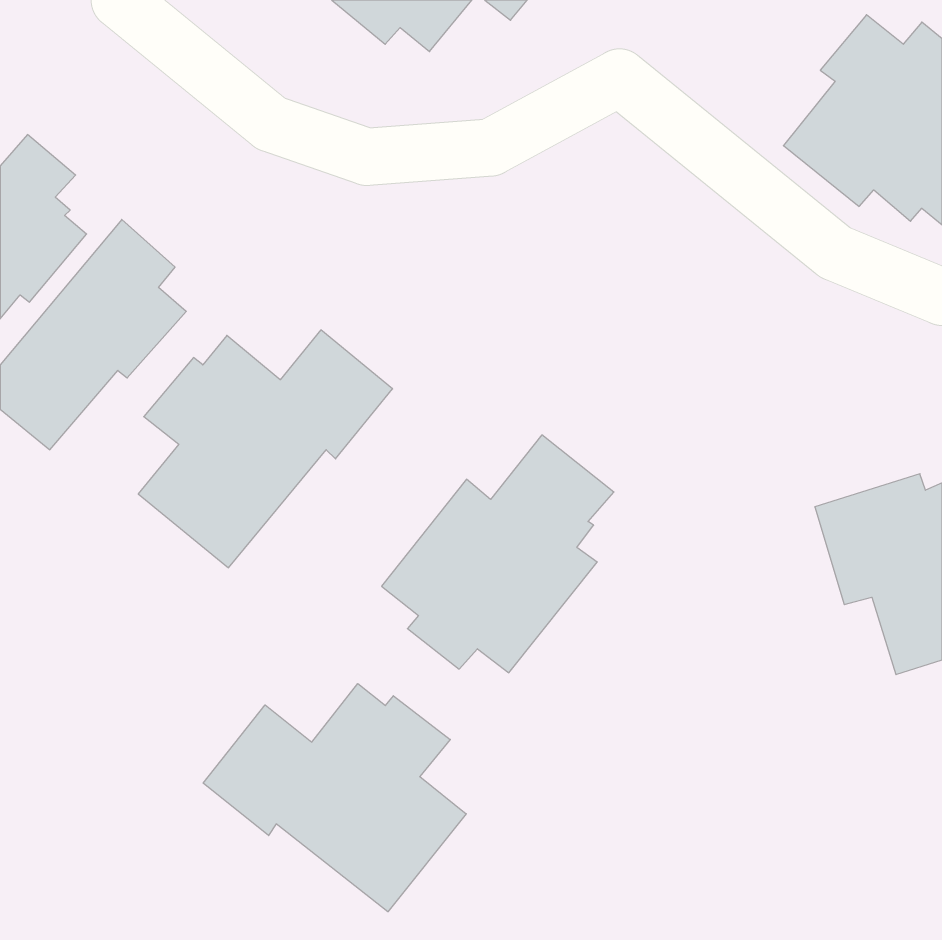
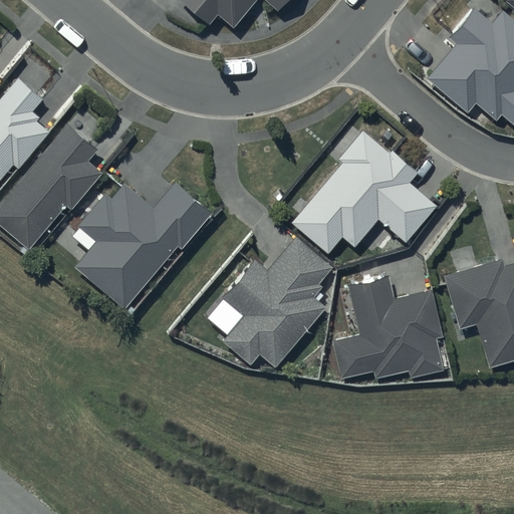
building: none -> [291,130,435,254]
building: none -> [334,277,445,379]
building: [203,684,466,912] -> none

